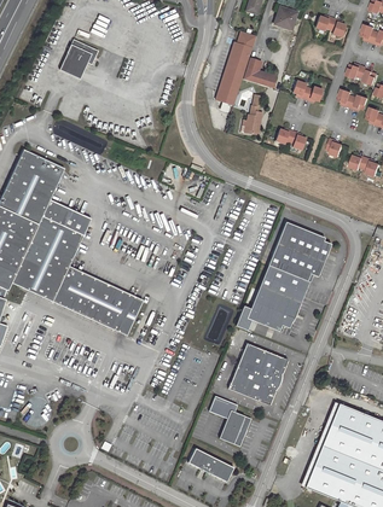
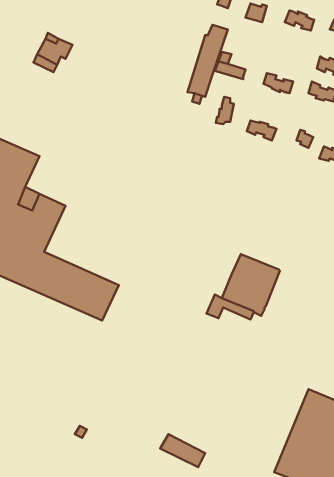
building: [268,222,331,281] -> none
building: [227,343,288,406] -> none
building: [208,396,251,448] -> none

